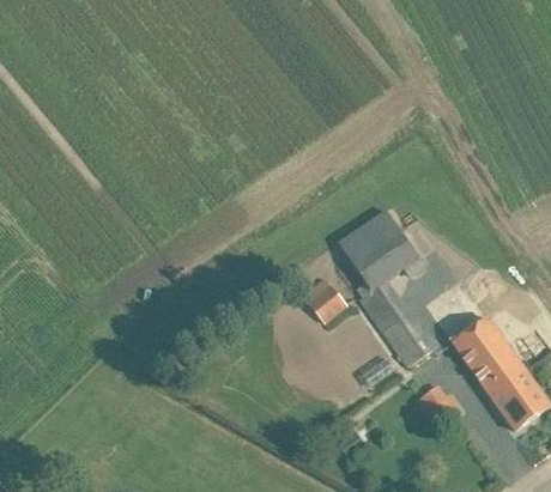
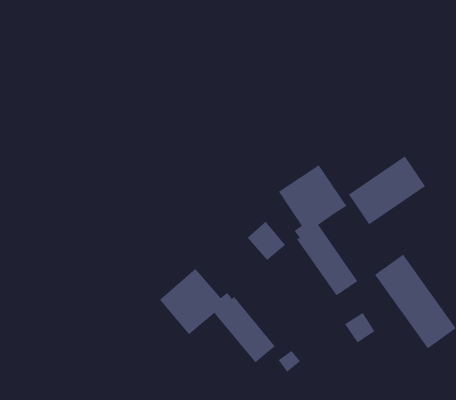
building: none -> [348,156,426,225]
building: none -> [159,268,275,363]

